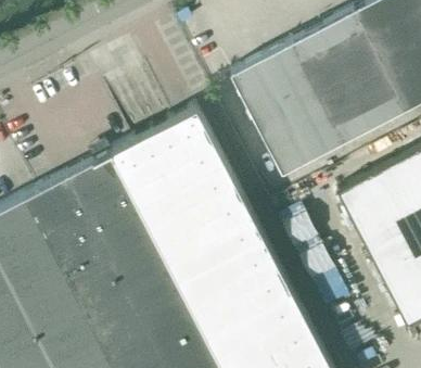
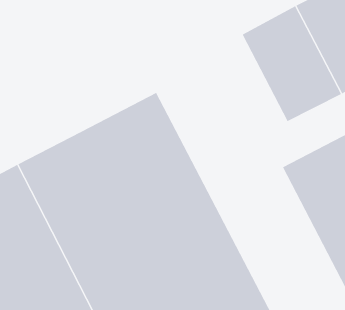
building: [230,43,343,175] -> none

